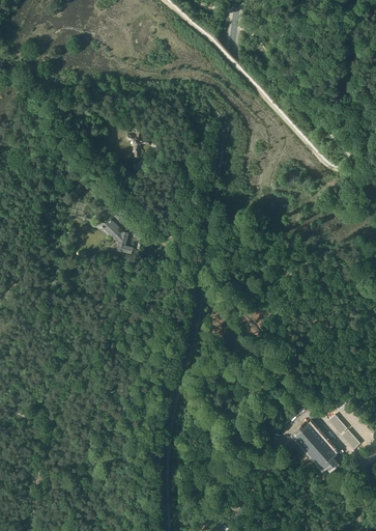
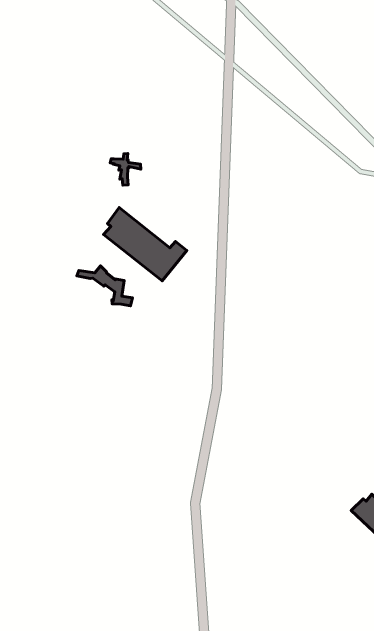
building: none -> [103,208,187,281]

